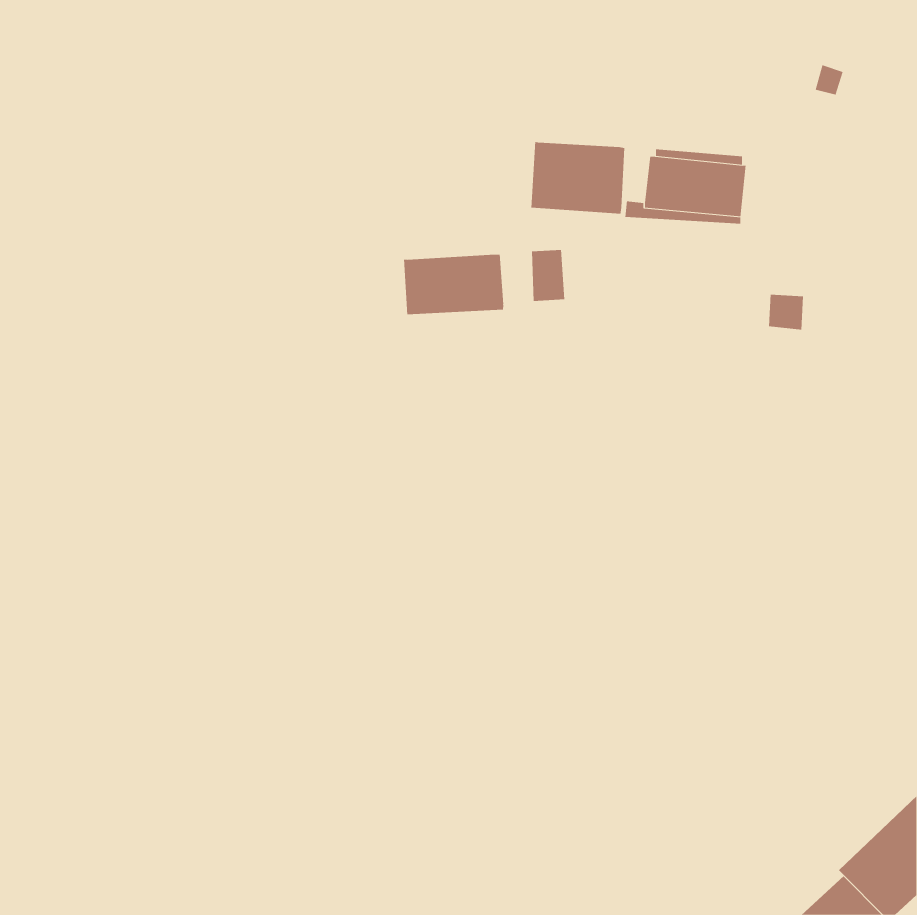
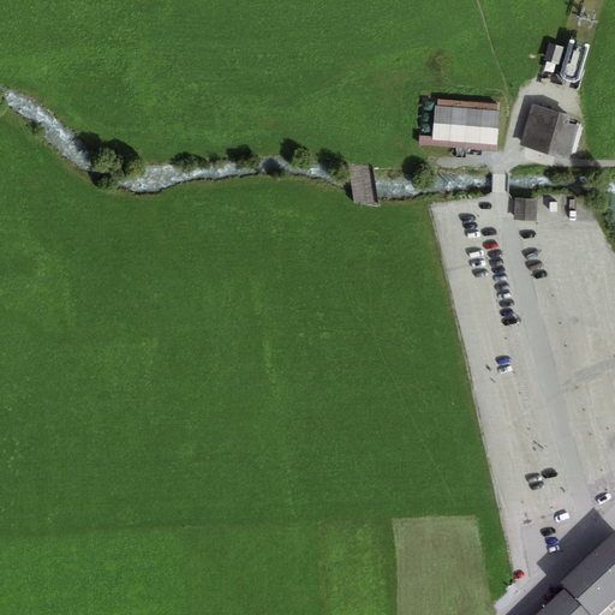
building: [531,141,625,214] -> none
building: none -> [520,103,578,155]
building: [404,254,504,315] -> none

